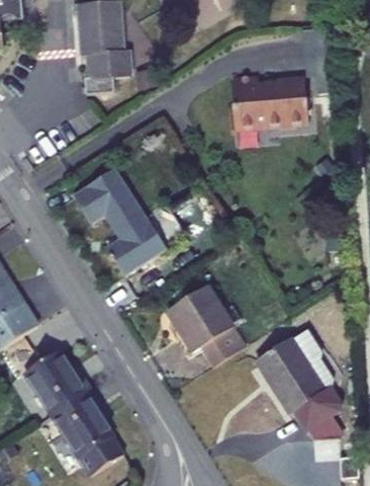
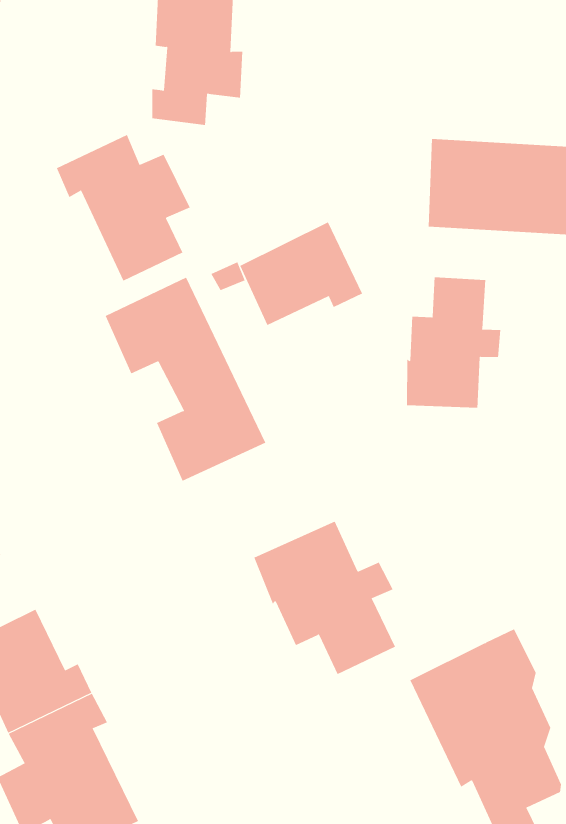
building: none -> [56,134,190,281]
building: none -> [239,222,363,326]
building: none -> [406,277,501,408]

